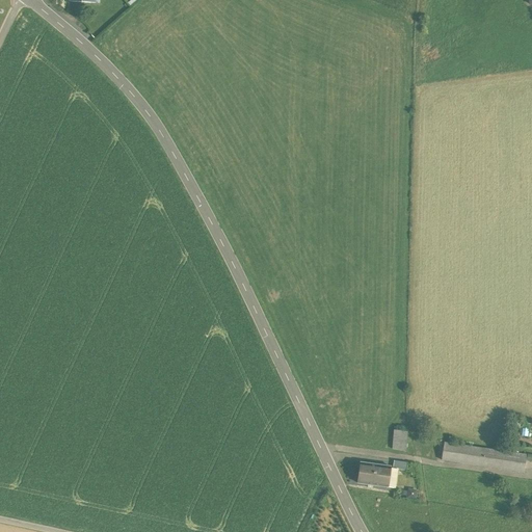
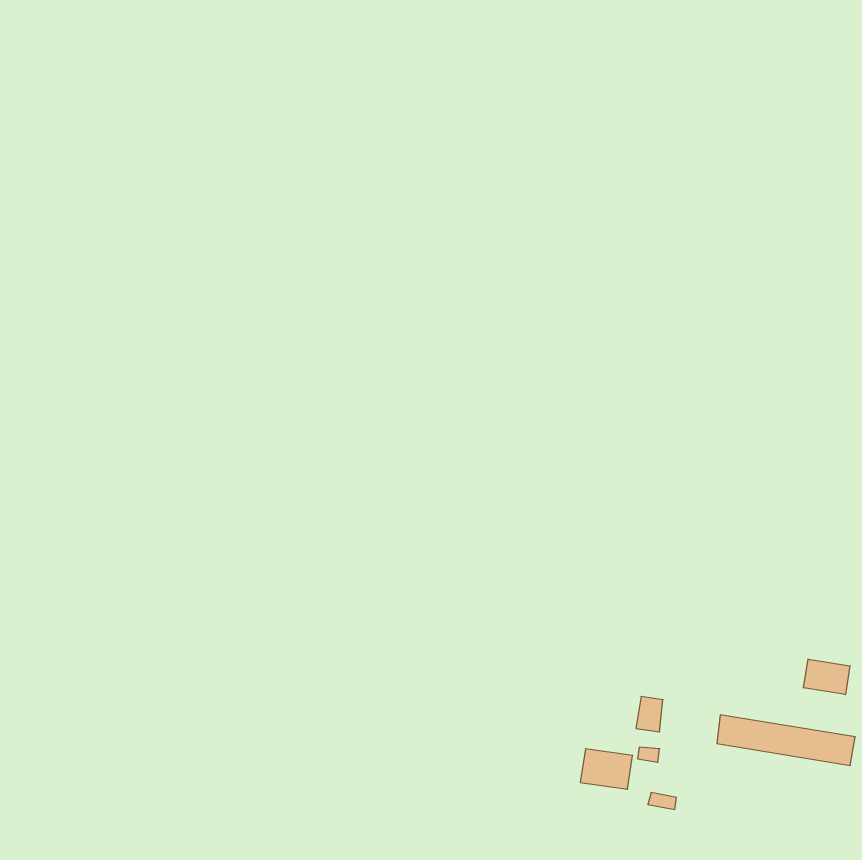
building: none -> [804,659,850,695]

